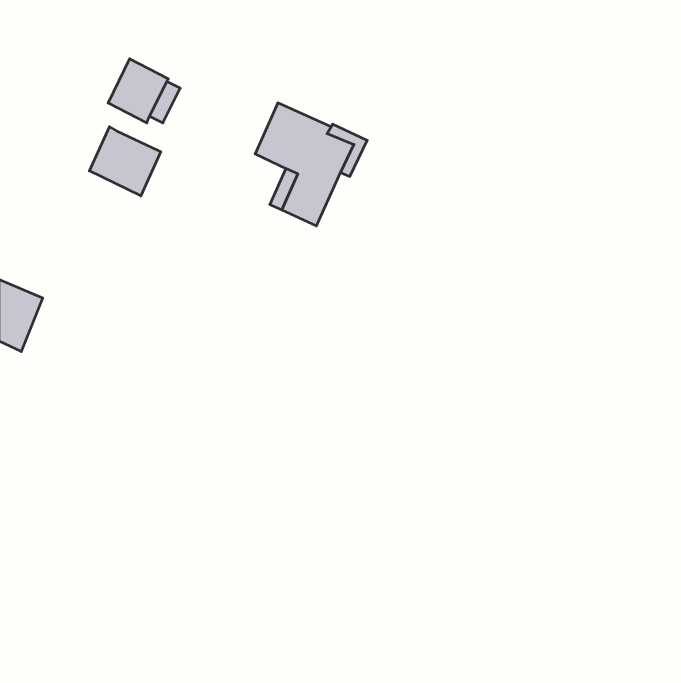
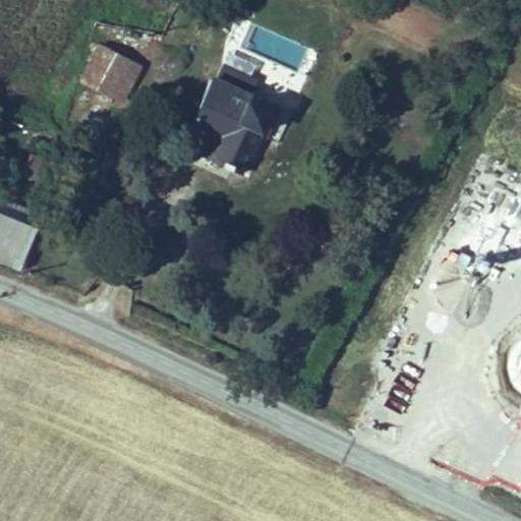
building: [89,127,161,196] -> none

